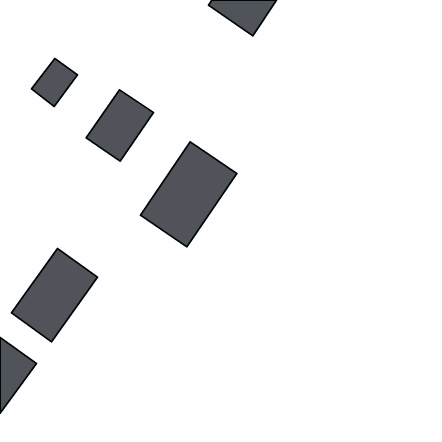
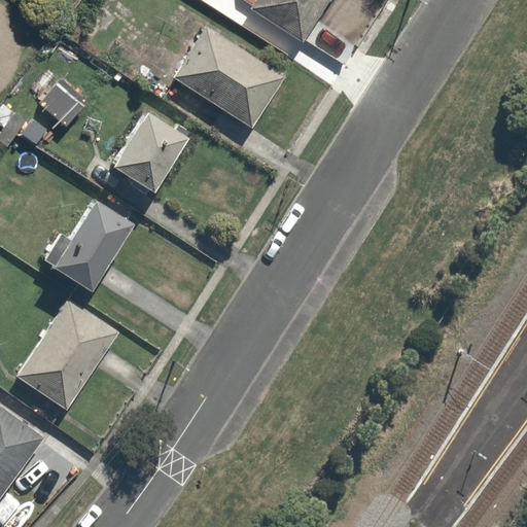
building: none -> [173,27,283,130]
building: [140,142,237,247] -> none
building: none -> [47,197,129,289]

